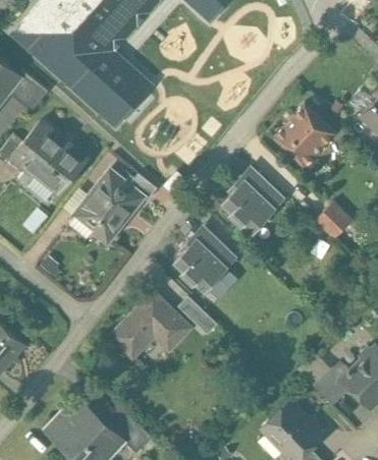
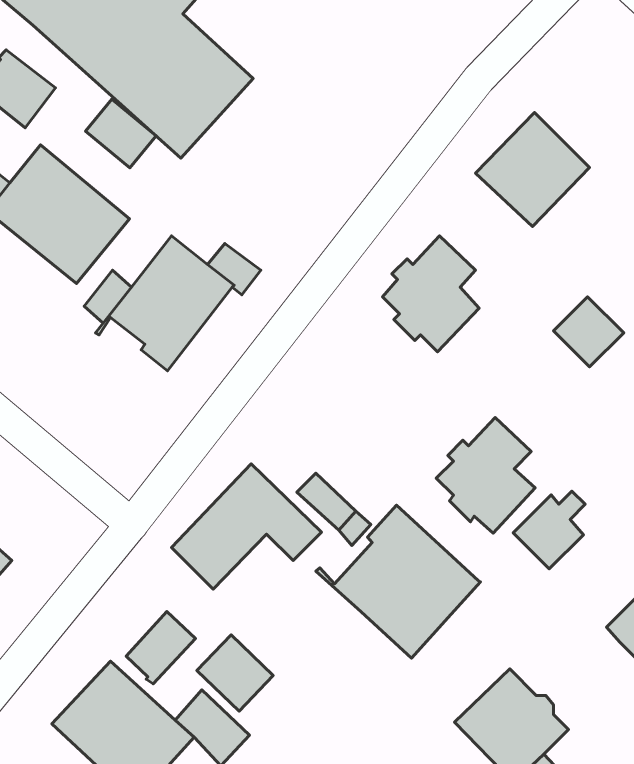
building: none -> [85,99,156,168]
building: [174,229,227,291] -> [436,417,535,533]
building: none -> [316,505,480,658]
building: [313,364,352,406] -> [513,491,585,569]
building: none -> [126,611,195,684]
building: none -> [197,635,273,711]

